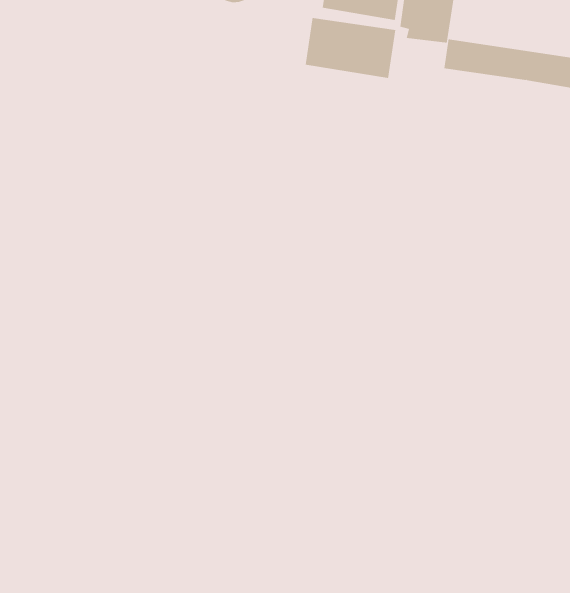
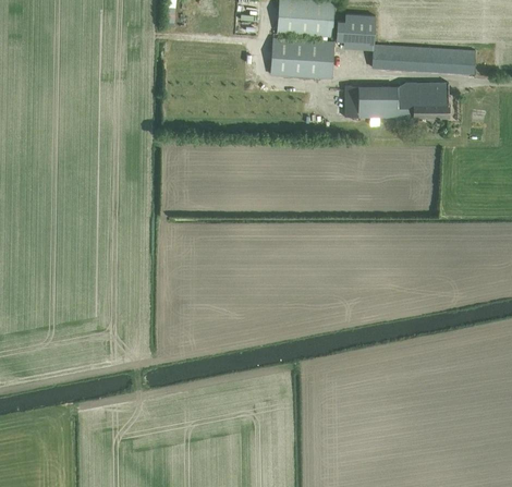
building: none -> [344,83,448,123]

